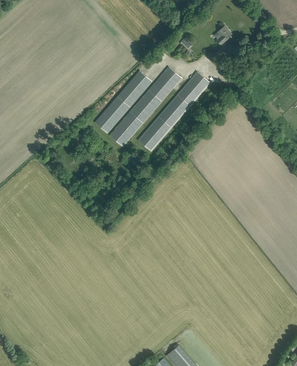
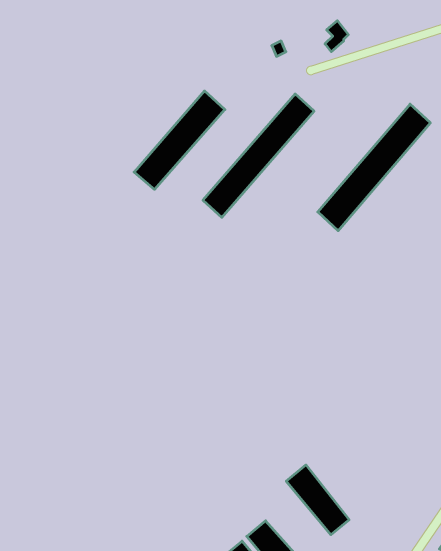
building: [109,66,181,147] -> [318,104,430,231]
building: none -> [286,465,349,535]

